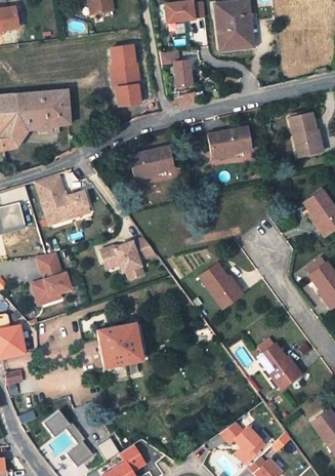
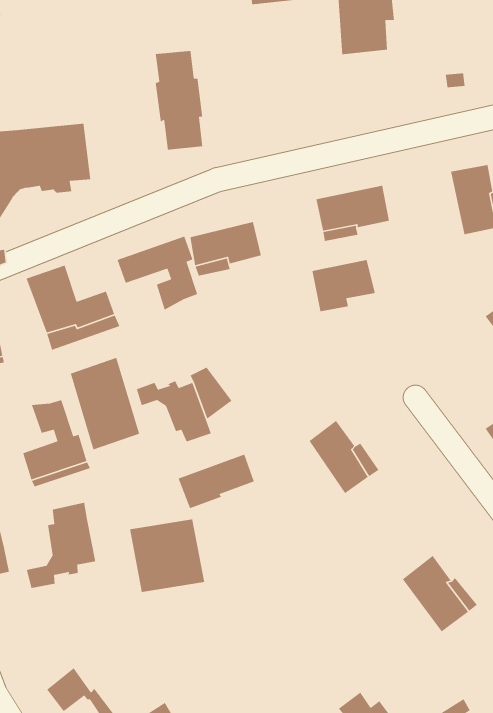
building: [165,47,196,84] -> none
building: none -> [116,236,198,311]
building: none -> [311,259,376,312]
building: none -> [70,357,140,451]
building: none -> [178,454,255,509]
building: none -> [26,502,96,589]

